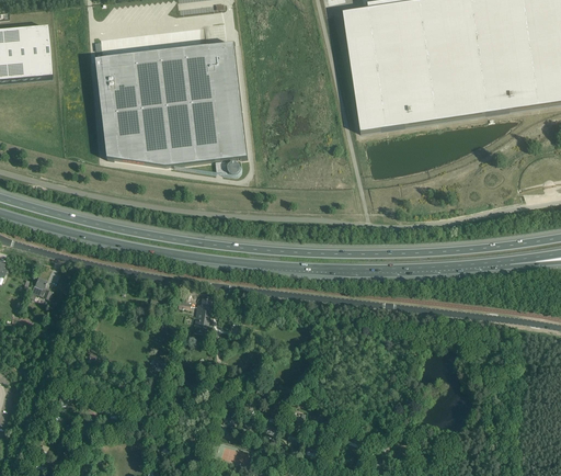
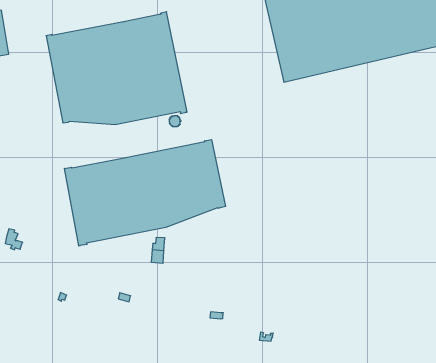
building: none -> [64,140,226,246]

